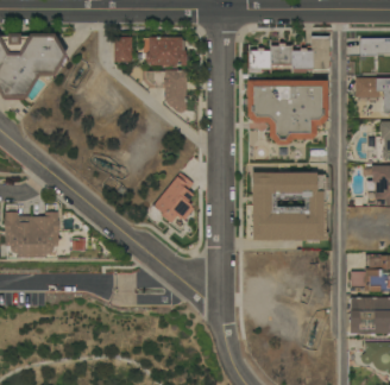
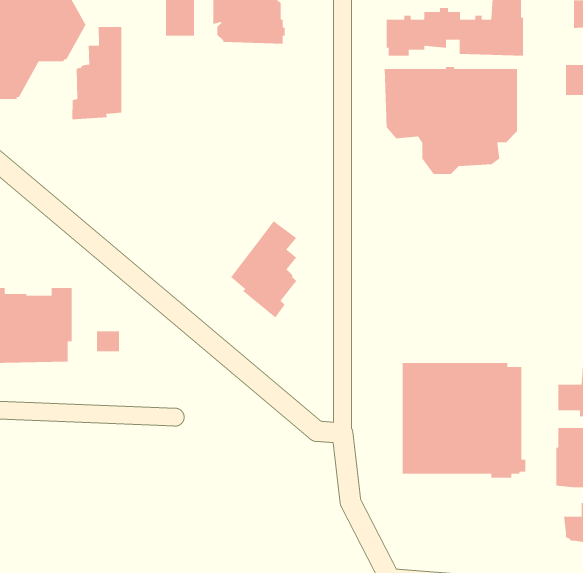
building: none -> [71,26,122,120]
building: [143,69,187,112] -> none
building: [252,172,327,242] -> [402,362,526,478]

